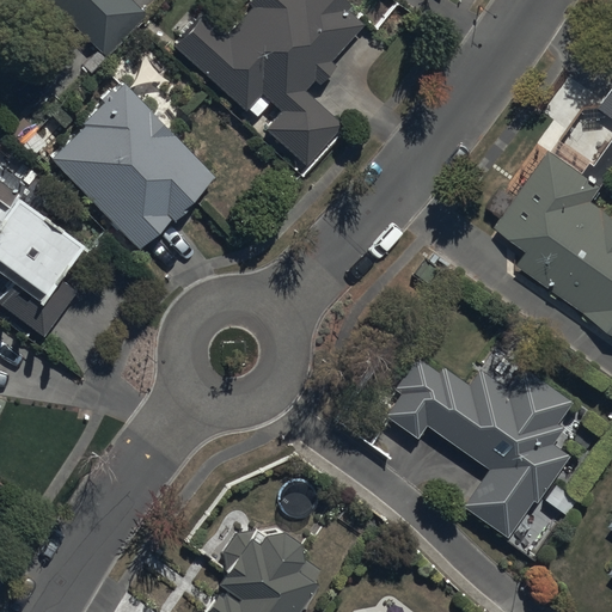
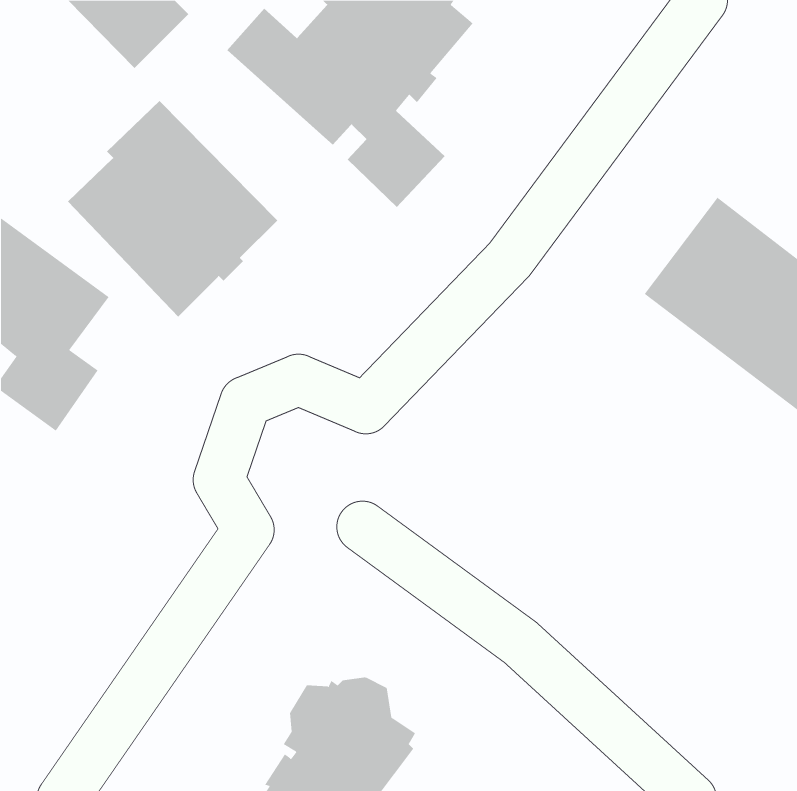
building: [385,357,573,537] -> none

